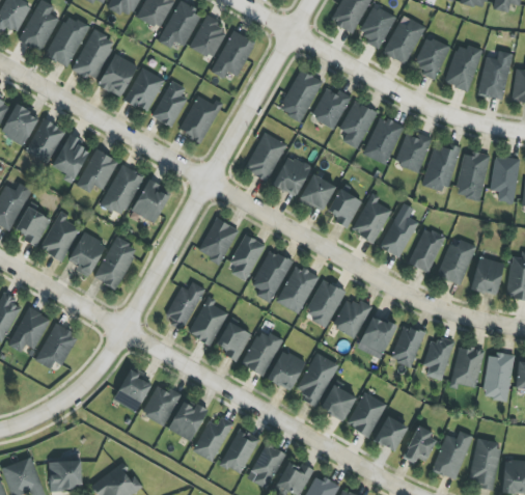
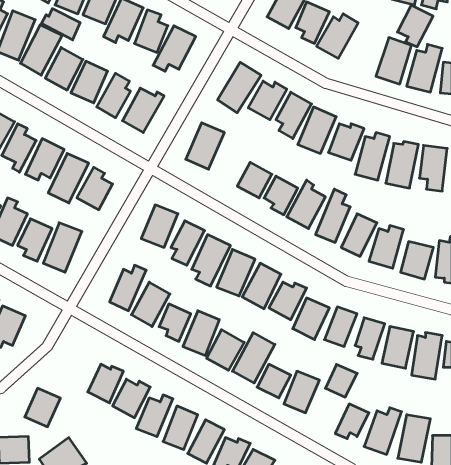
building: none -> [41,9,80,40]
building: [414,35,451,79] -> [397,5,433,47]
building: [273,155,312,196] -> none
building: [114,370,151,411] -> [25,388,60,427]
building: [375,416,408,450] -> [325,364,357,397]

